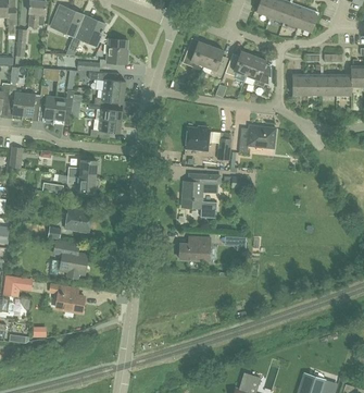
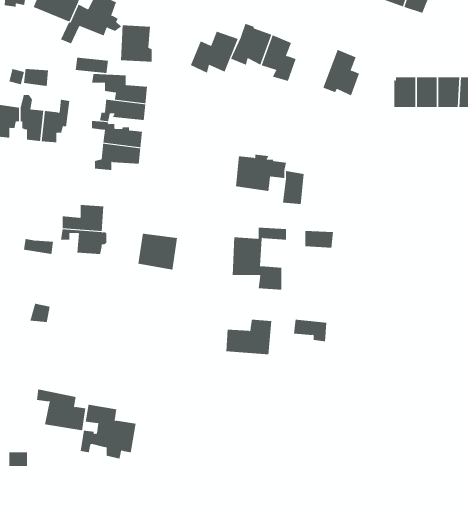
building: none -> [190,31,238,73]
building: [225,51,253,82] -> none
building: [238,125,276,153] -> none
building: [65,208,92,233] -> [137,233,178,270]
building: [51,242,89,279] -> [80,404,136,459]

